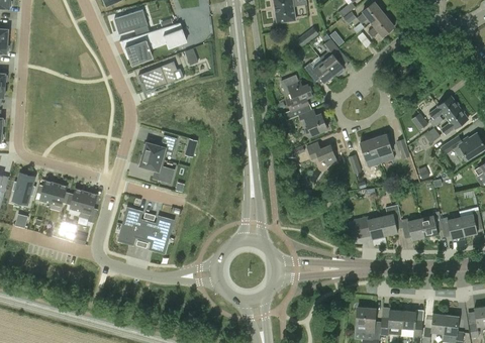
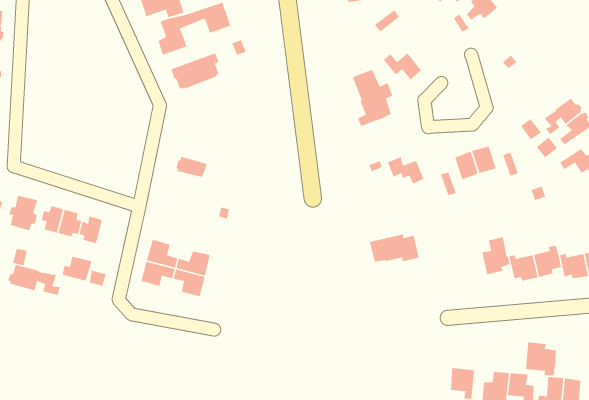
building: [320,34,345,76] -> none
building: [299,109,327,136] -> none
building: [139,154,174,184] -> none
building: [79,192,97,223] -> none
building: [346,216,385,238] -> [369,234,419,262]
building: none -> [7,264,61,296]
building: none -> [525,341,557,376]

